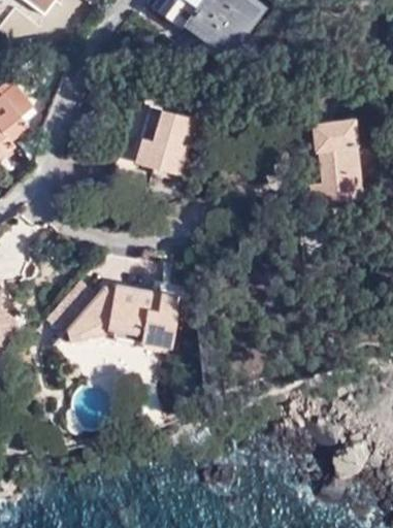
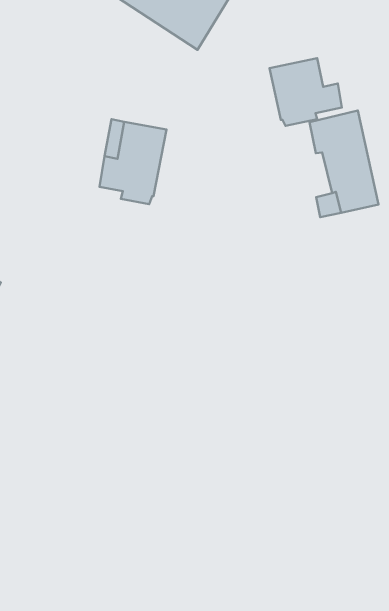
building: none -> [270,58,342,126]
building: [58,279,168,345] -> none

